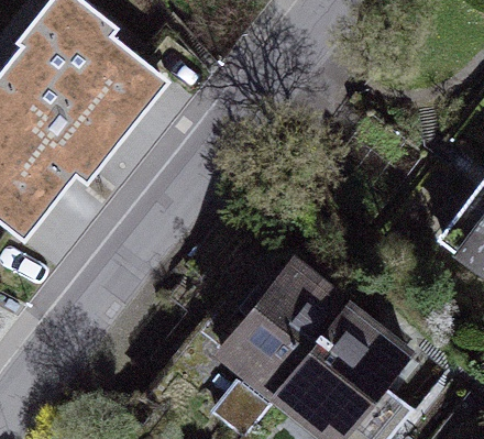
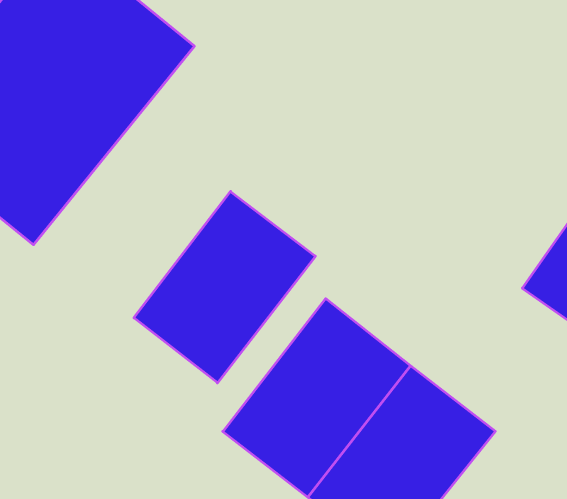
building: none -> [134,191,315,383]

